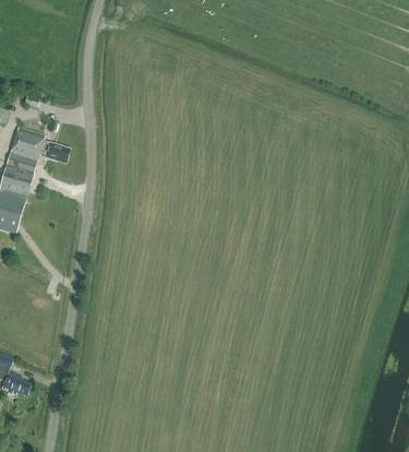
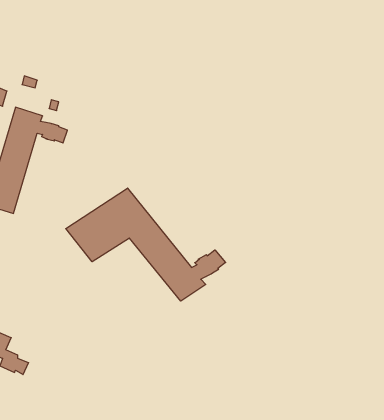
building: none -> [66,188,226,301]

